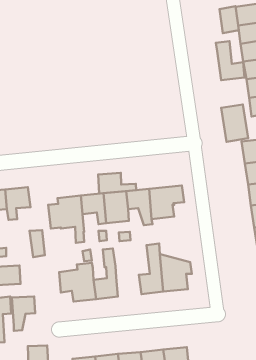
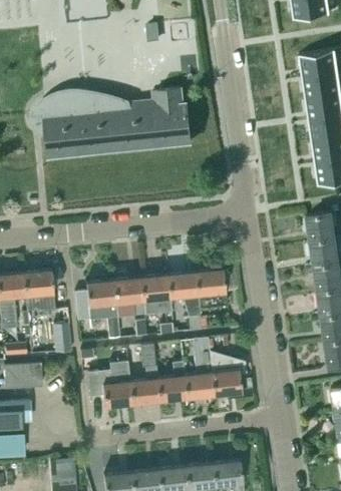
building: [220,6,239,33] -> none
building: none -> [32,88,190,157]
building: [216,41,244,80] -> none
building: [221,105,248,142] -> none
building: [98,173,136,193] -> none
building: none -> [155,361,186,400]
building: [12,297,35,331] -> none

